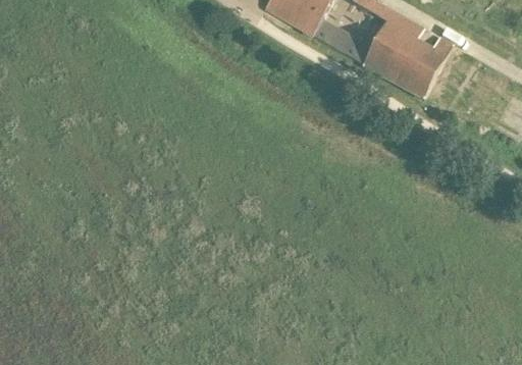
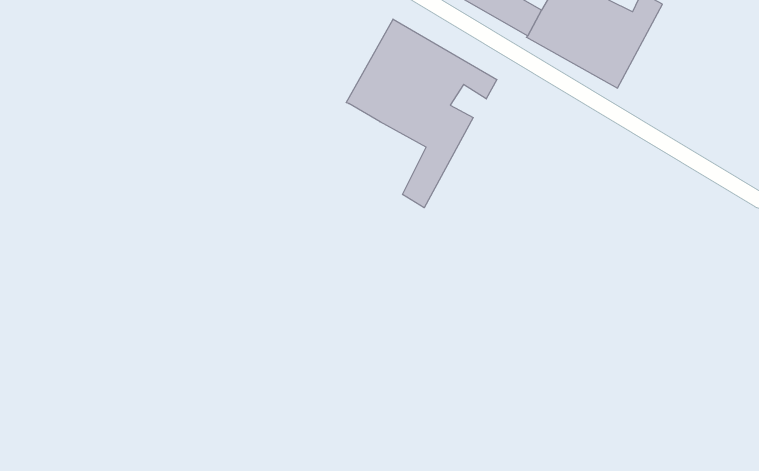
building: none -> [346,19,497,208]

